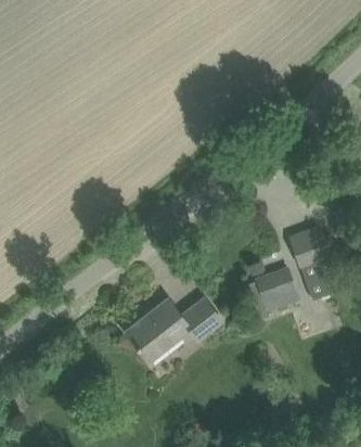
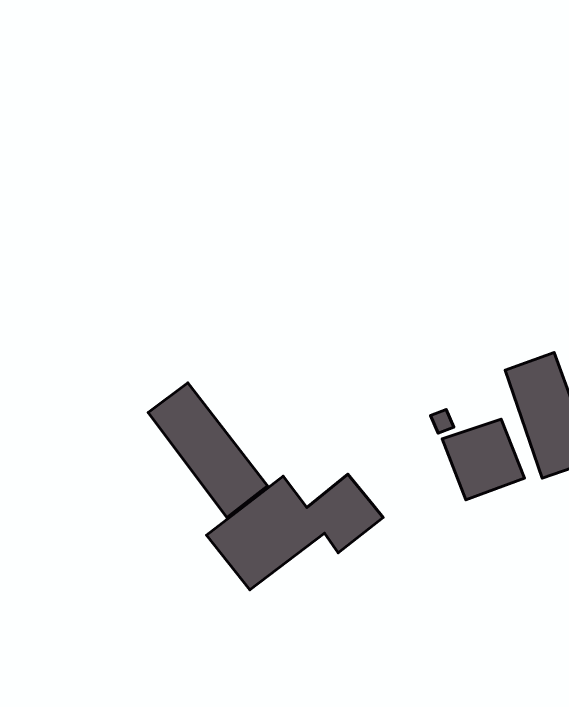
building: none -> [148,383,268,517]

